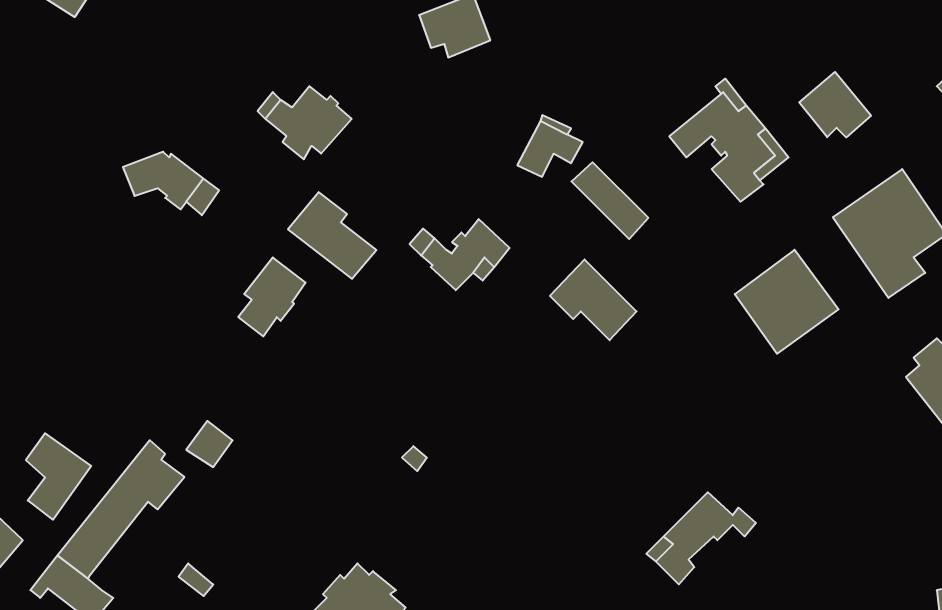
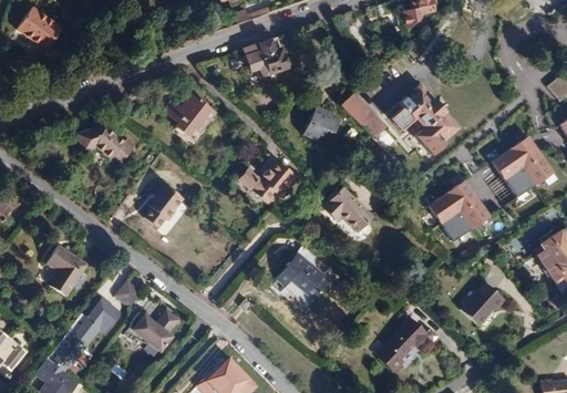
building: [799,72,871,137] -> none
building: [571,162,648,239] -> [342,93,386,137]
building: [288,192,376,279] -> none
building: none -> [274,247,332,302]
building: none -> [465,288,509,331]
building: [26,433,91,520] -> [47,245,84,294]
building: none -> [130,311,181,356]

